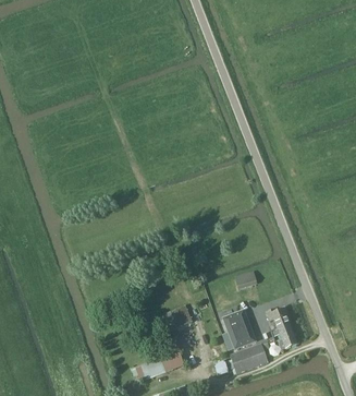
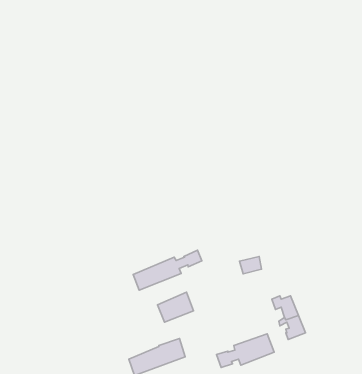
building: none -> [133,250,202,290]
building: [222,309,257,349] -> none

